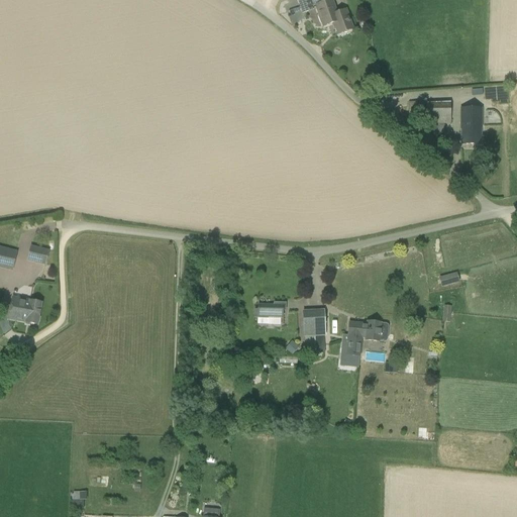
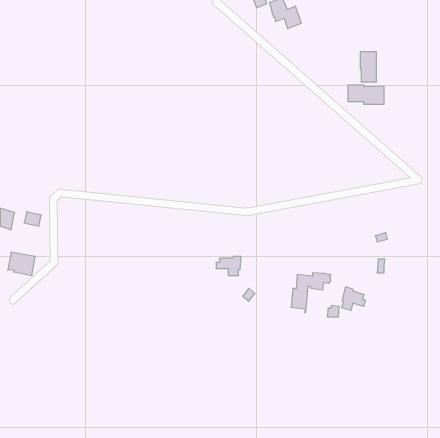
building: [460,107,480,142] -> [360,52,377,82]
building: [303,309,325,334] -> none
building: none -> [342,287,365,311]

